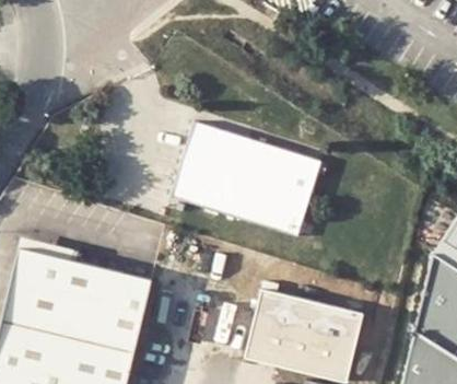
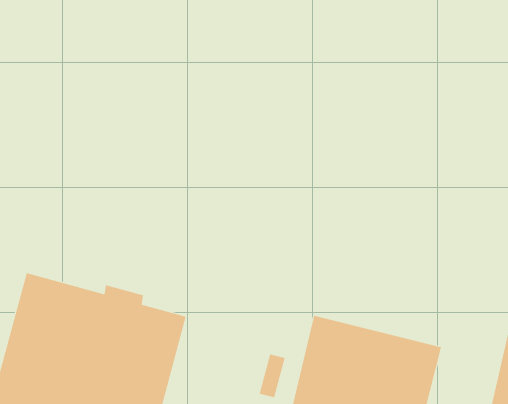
building: [167,118,317,231] -> none

